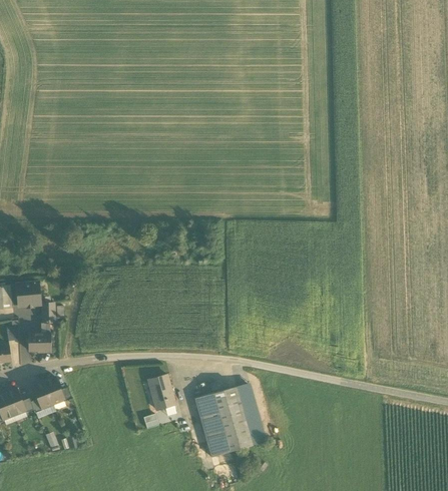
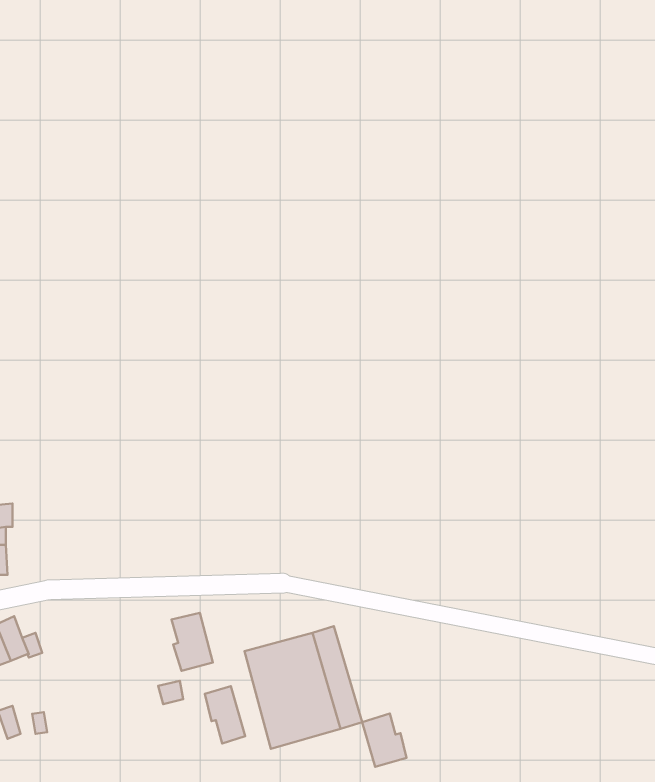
building: none -> [205,686,245,744]
building: none -> [362,713,407,767]

